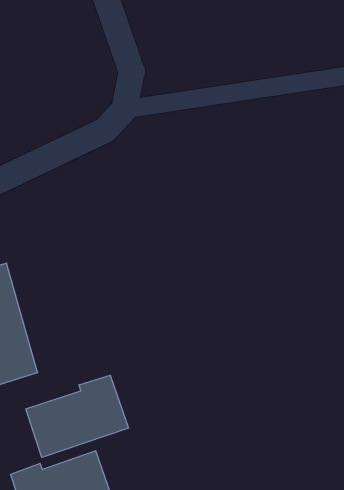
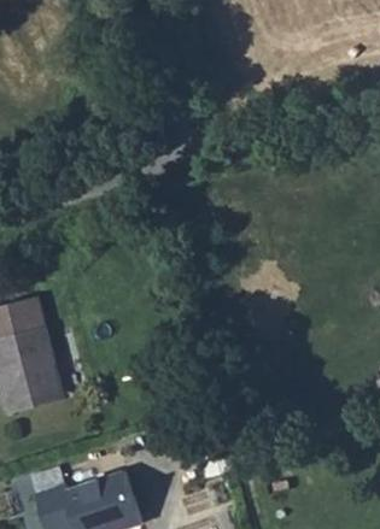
building: [26,375,128,457] -> none

